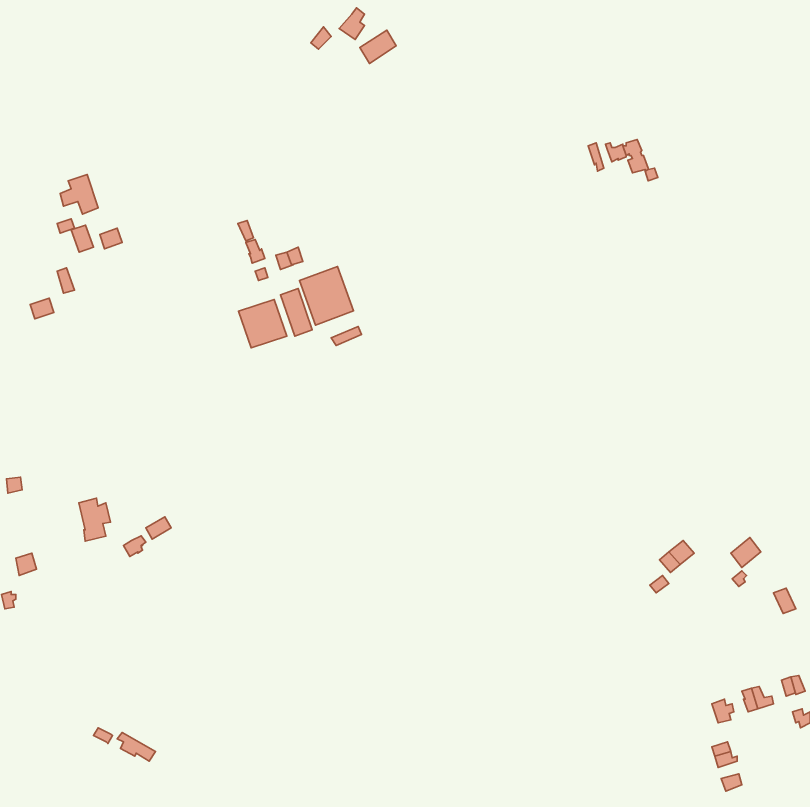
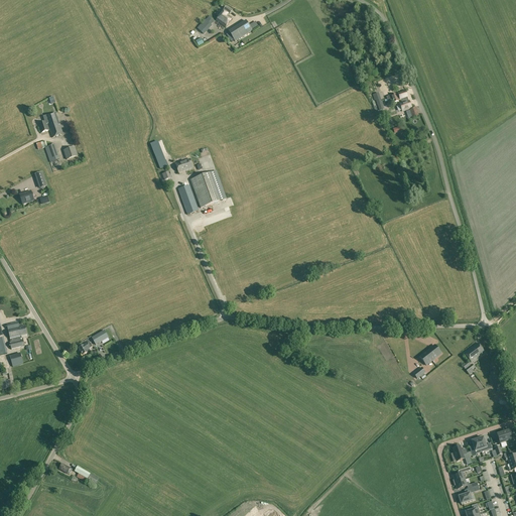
building: [239,300,287,348] -> none
building: [79,498,111,541] -> [7,320,27,348]

